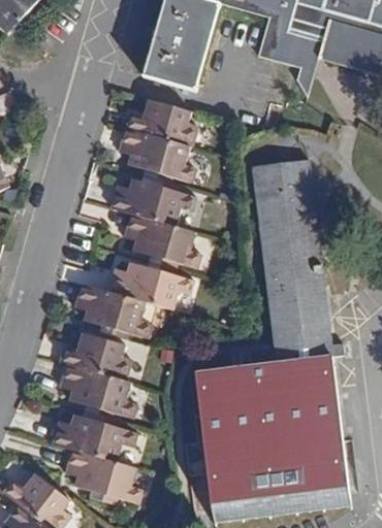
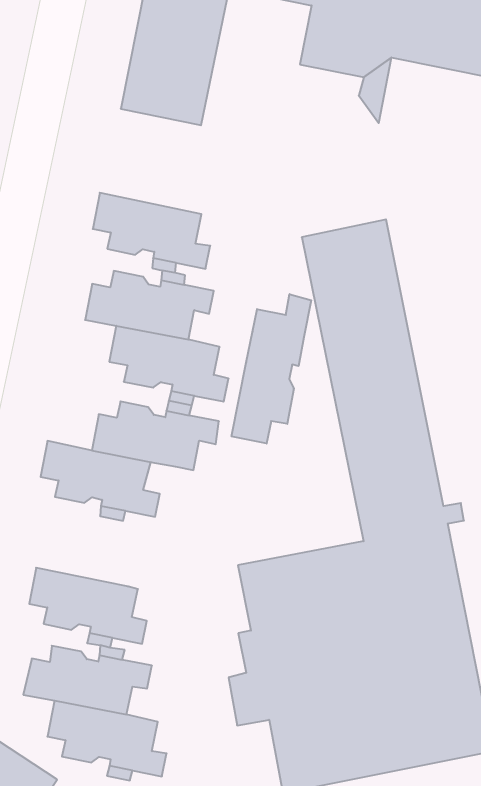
building: [126,99,196,146] -> none
building: none -> [232,294,311,444]
building: [60,333,130,381] -> none

